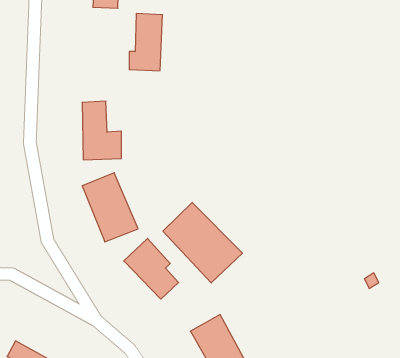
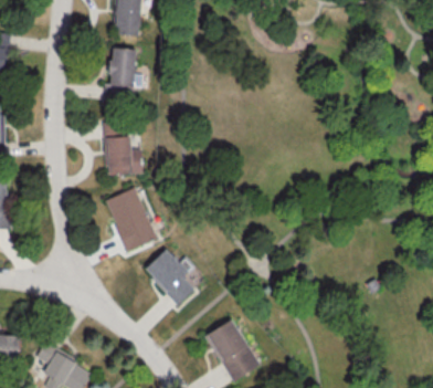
building: [129,13,163,71] -> [104,48,135,101]
building: [163,202,242,283] -> none

